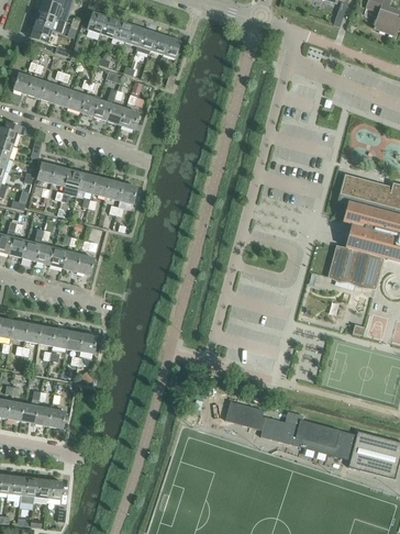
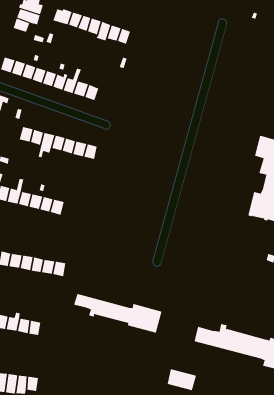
building: none -> [74,293,162,334]
building: [225,400,264,429] -> [167,369,197,391]

